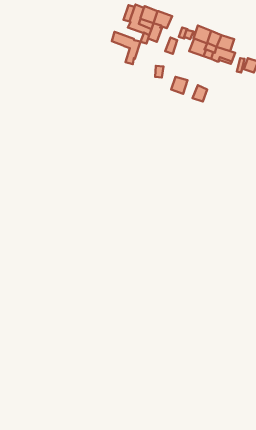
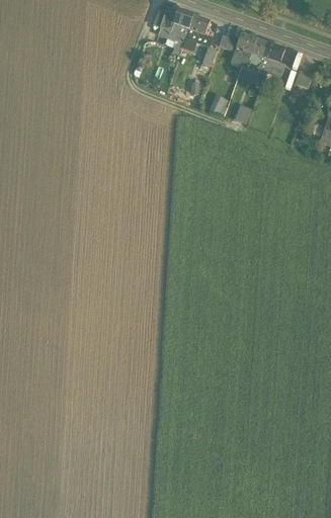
building: [112,32,141,64] -> none

